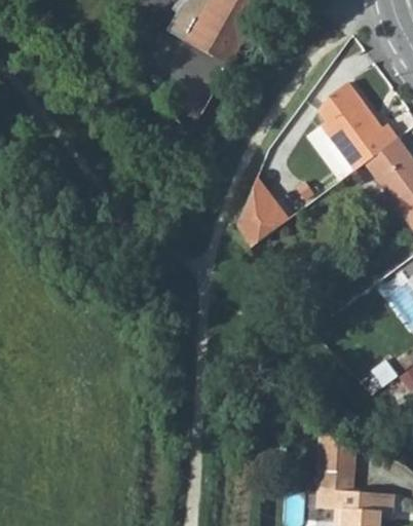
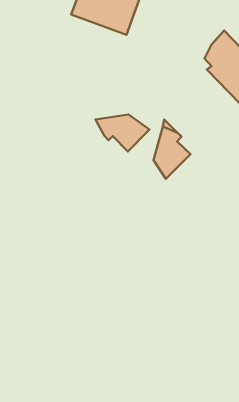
building: none -> [96,114,149,151]

